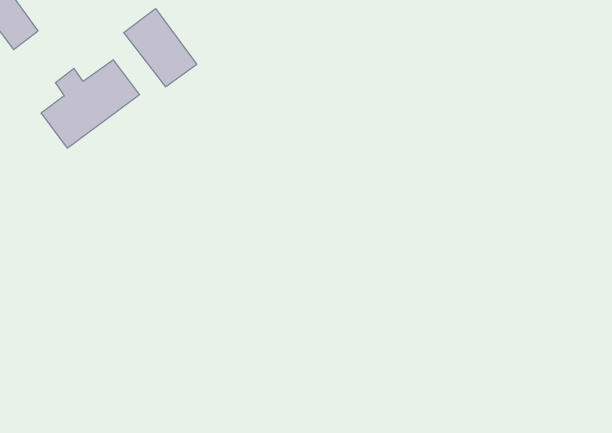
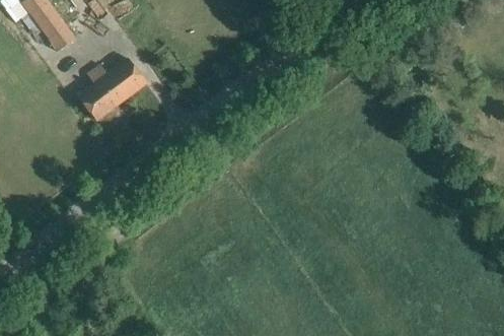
building: [124,9,197,87] -> none

